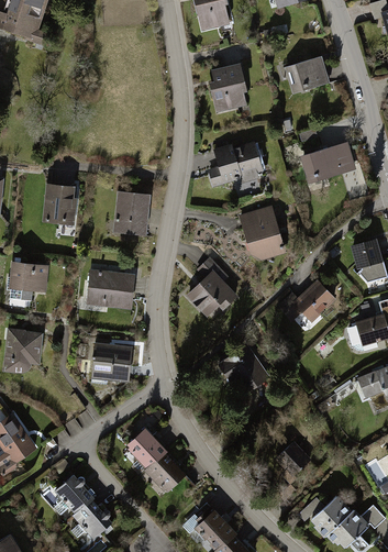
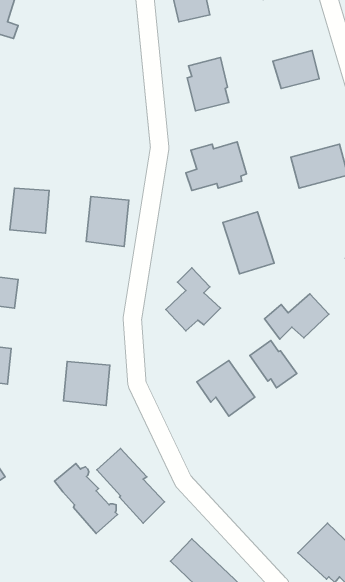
building: [87,269,135,310] -> none
building: none -> [250,340,297,388]
building: [273,442,308,476] -> none
building: [52,474,110,539] -> [54,463,117,533]

